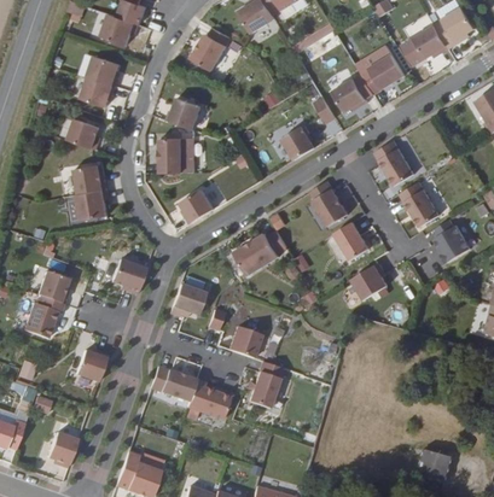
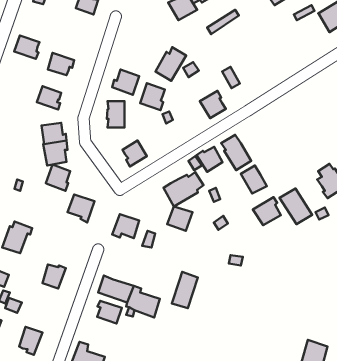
building: [103,16,139,46] -> none
building: [413,27,448,60] -> none
building: [193,29,233,72] -> [155,47,186,81]
building: [89,55,122,86] -> [14,36,39,59]
building: [362,55,405,95] -> none
building: [332,78,367,112] -> none
building: none -> [140,83,165,110]
building: [374,141,414,187] -> none
building: [397,181,440,227] -> [280,189,312,224]
building: none -> [197,147,223,172]
building: [37,269,69,303] -> [46,165,70,191]
building: [226,326,258,357] -> [167,207,192,231]
building: none -> [97,301,122,324]

